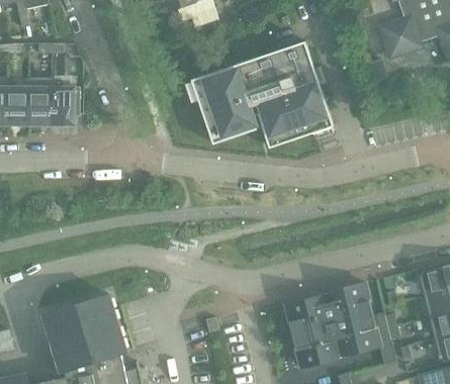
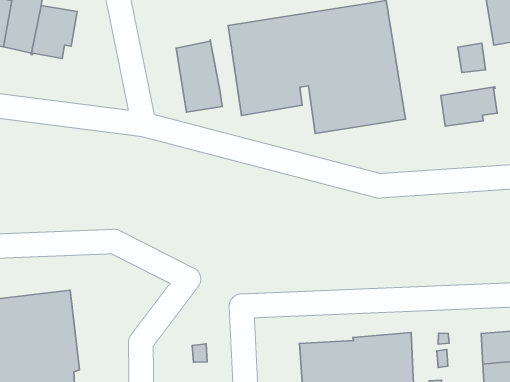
building: none -> [441,87,497,126]
building: none -> [176,40,222,112]

